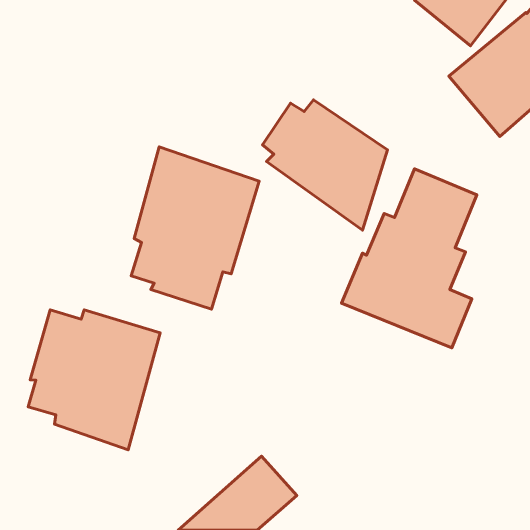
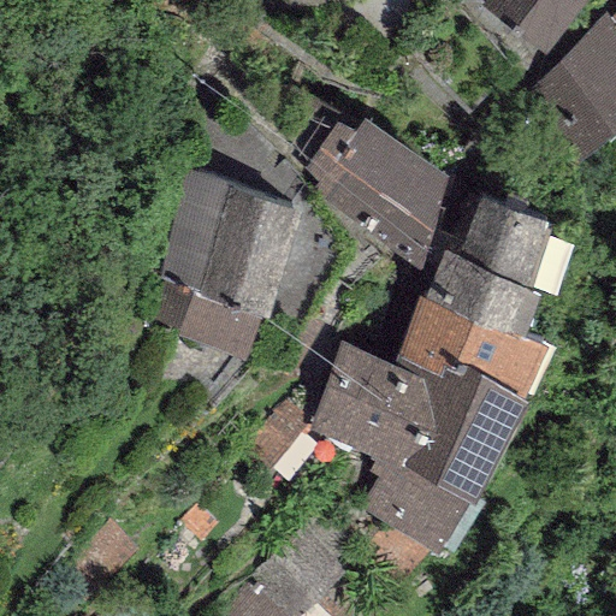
building: none -> [310,342,532,555]
building: [28,310,160,450] -> none

